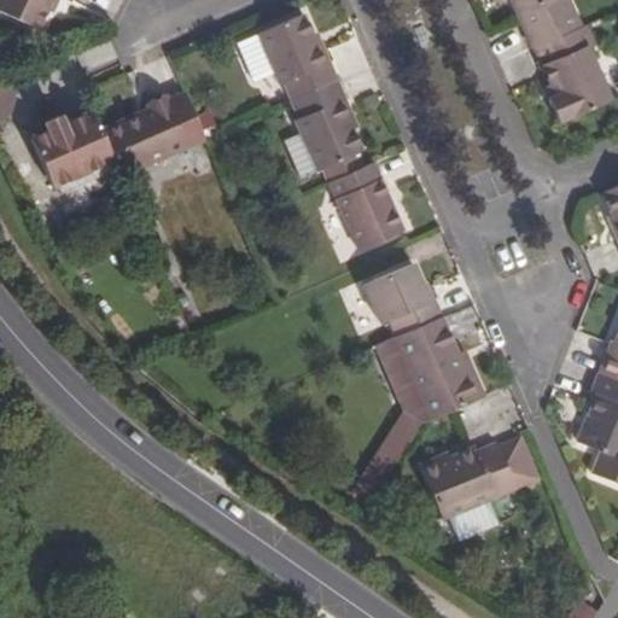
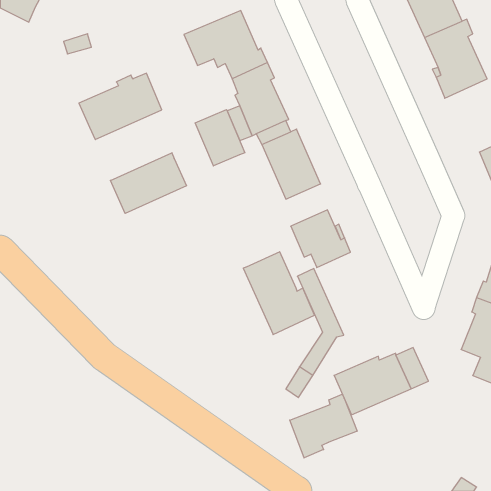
building: [30,110,113,186] -> none
building: none -> [195,110,245,166]
building: none -> [110,153,187,213]
building: [395,316,484,420] -> [243,252,314,335]
building: none -> [290,394,357,458]

